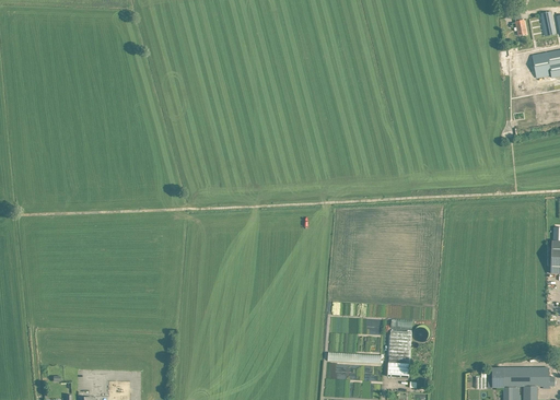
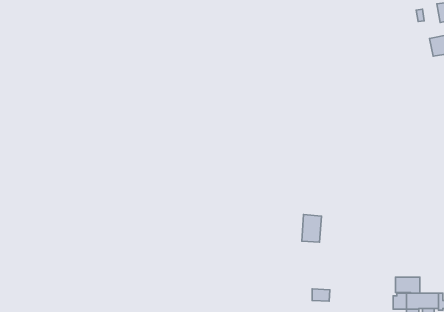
building: [388,329,412,363] -> [302,215,321,242]
building: none -> [396,277,420,293]

